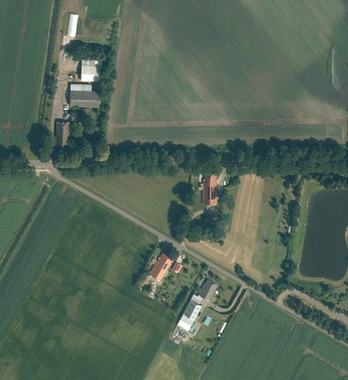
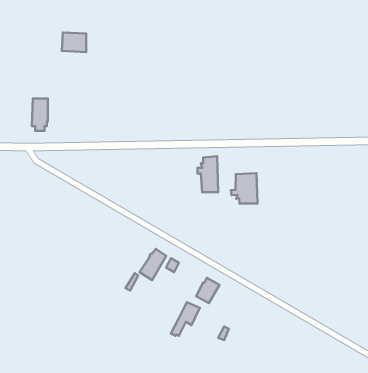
building: [70,84,102,107] -> none
building: none -> [231,173,257,203]

